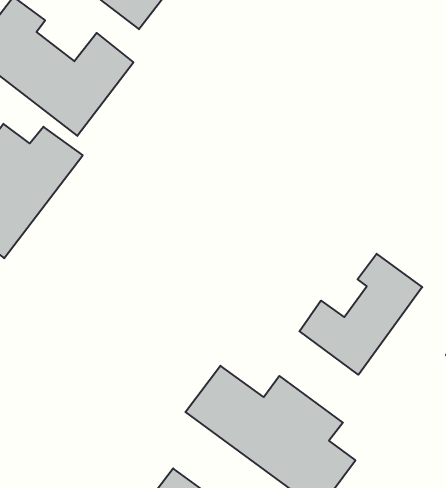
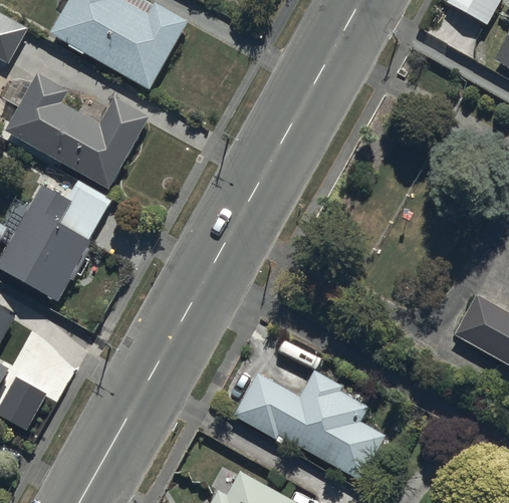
building: [299,254,422,375] -> none

